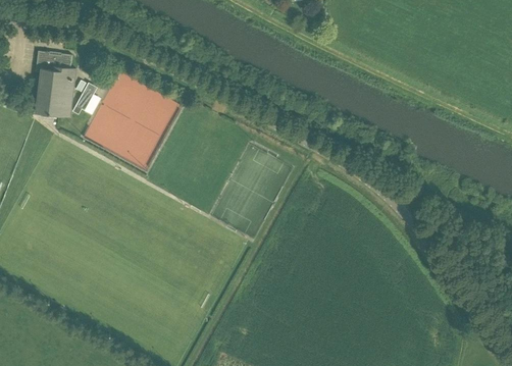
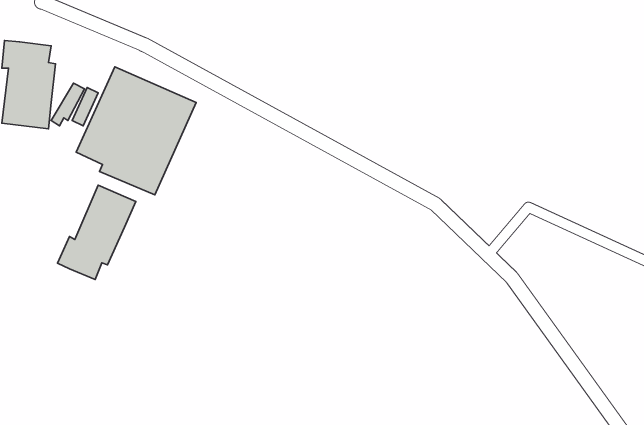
building: none -> [57,185,136,280]

